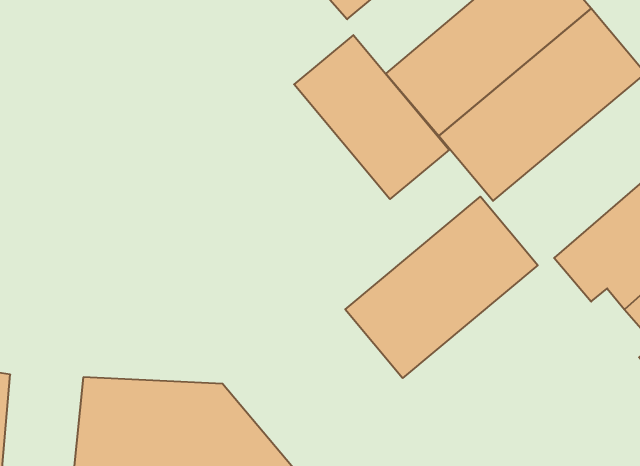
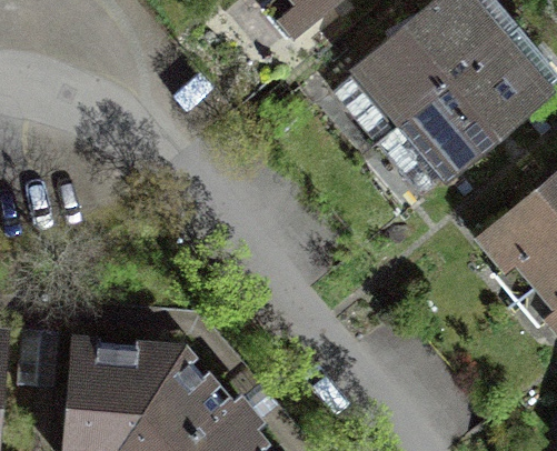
building: [294,35,449,199] -> none
building: [345,197,538,378] -> none

